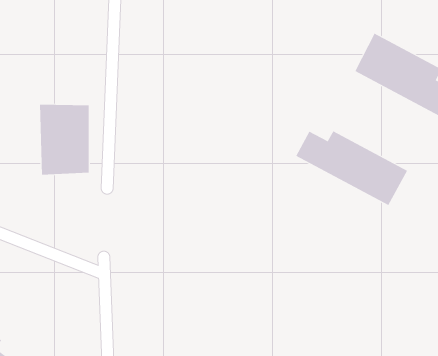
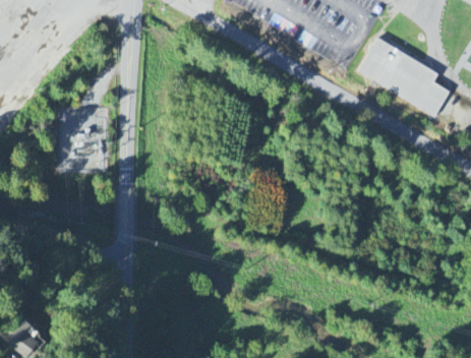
building: [295,131,408,206] -> none

